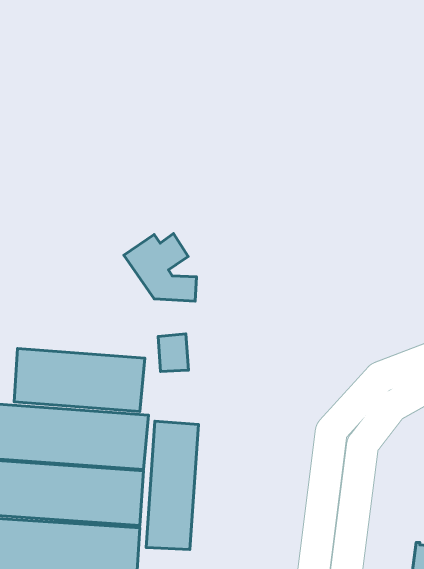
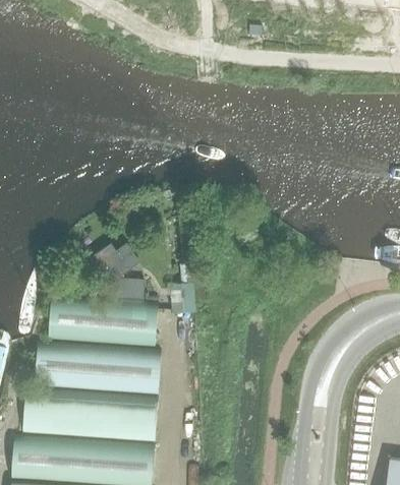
building: [124,233,196,301] -> [85,242,147,299]
building: [146,421,198,550] -> none

